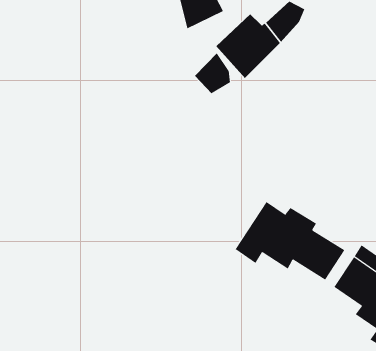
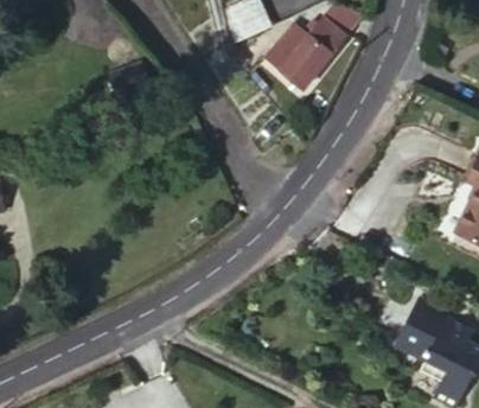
building: [194,52,230,94] -> none
building: [235,201,345,280] -> none

